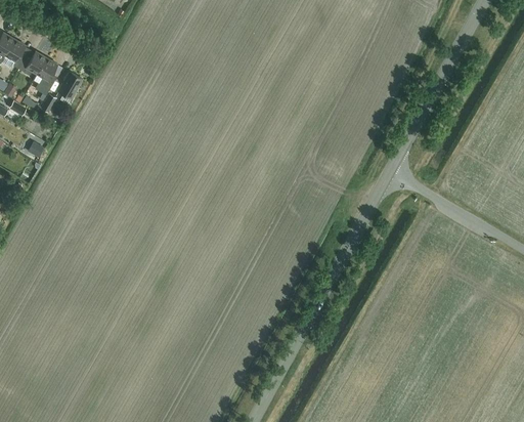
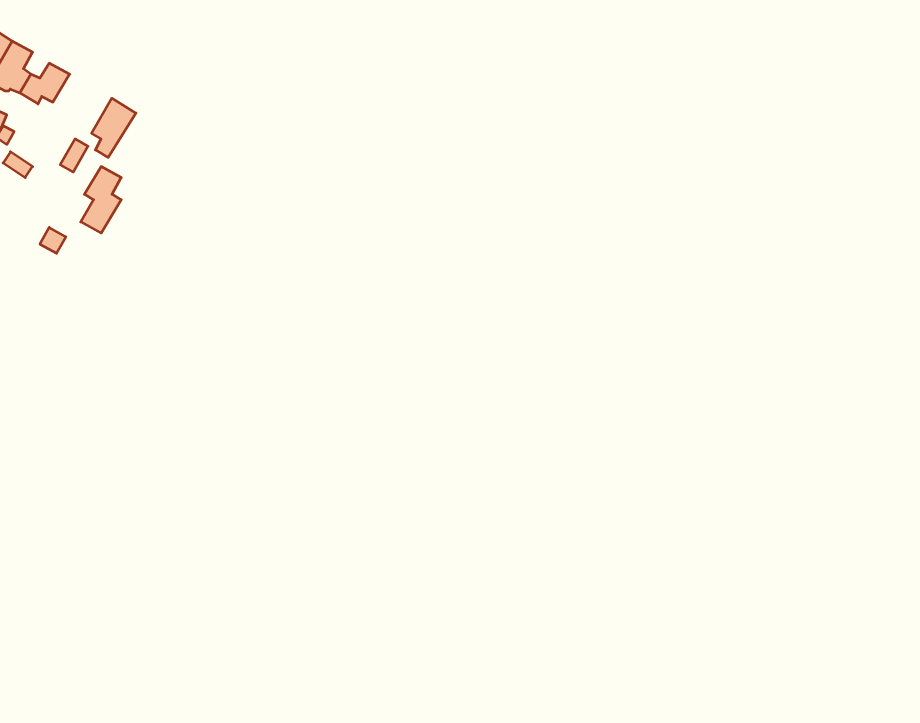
building: [34,56,56,93] -> [81,167,121,233]

